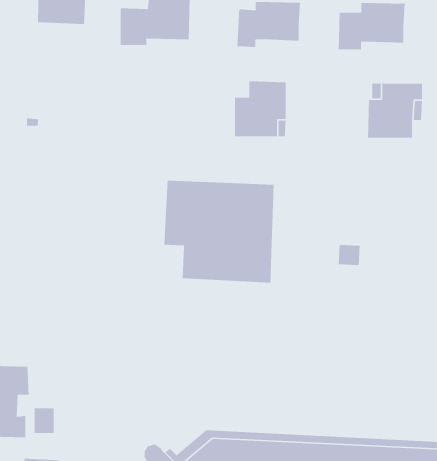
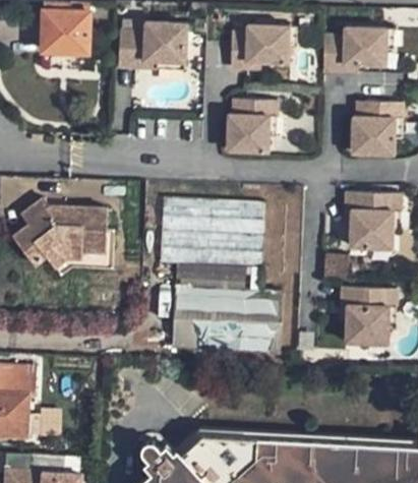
building: none -> [344,195,400,250]
building: none -> [13,196,116,274]
building: none -> [175,288,284,352]
building: none -> [340,290,397,345]

